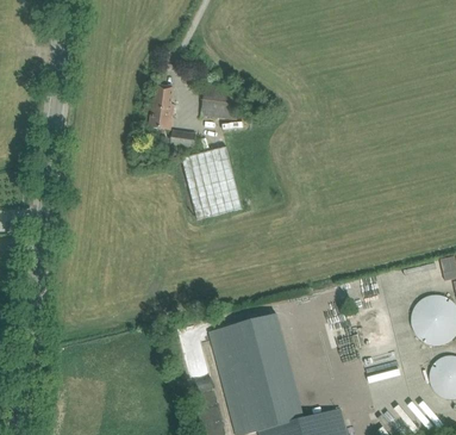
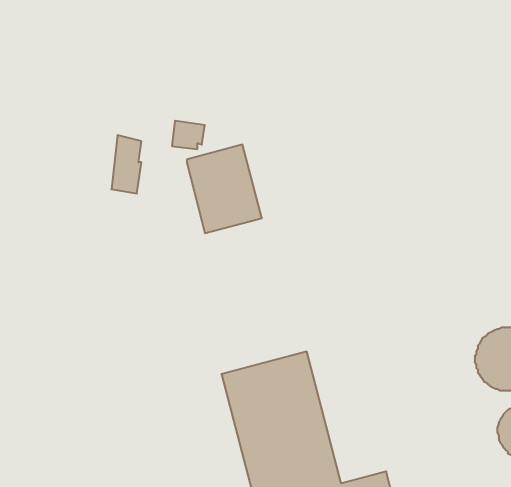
building: [200,77,239,118] -> none
building: [149,82,173,129] -> [111,135,141,194]

